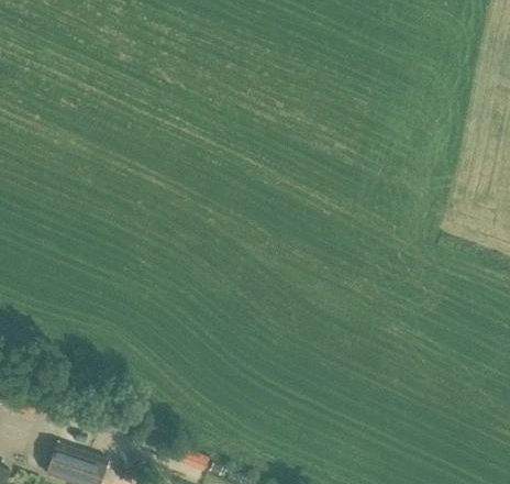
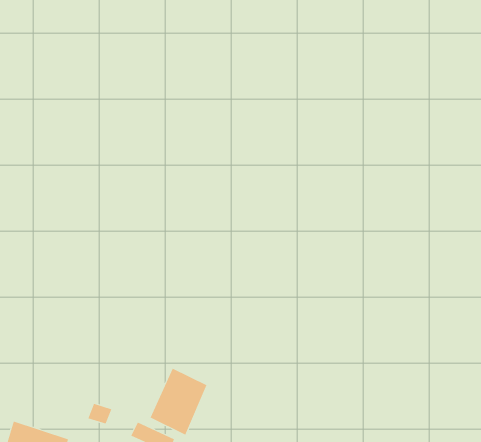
building: none -> [150,368,207,436]

